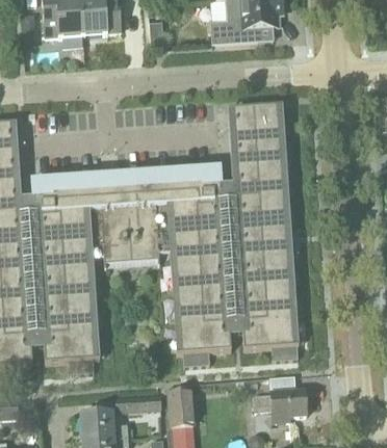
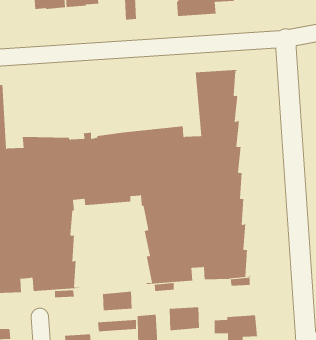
building: none -> [103,291,132,311]
building: none -> [169,306,199,331]

